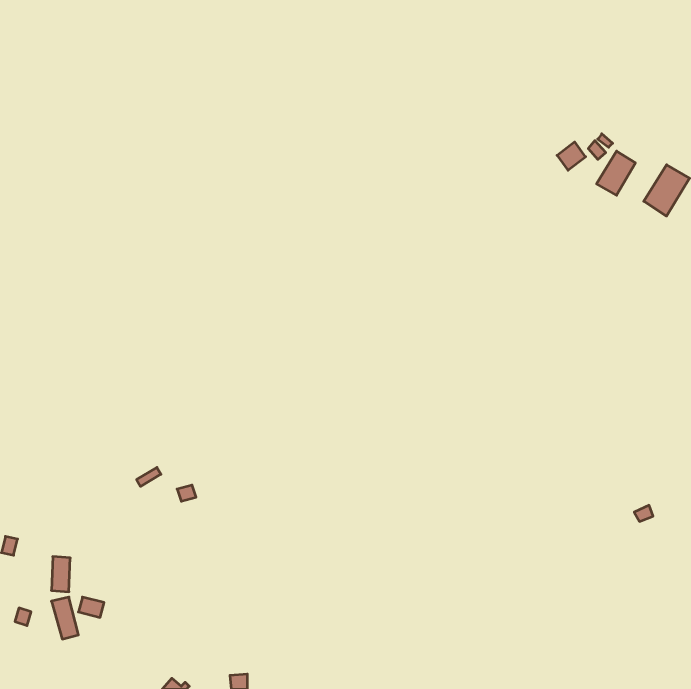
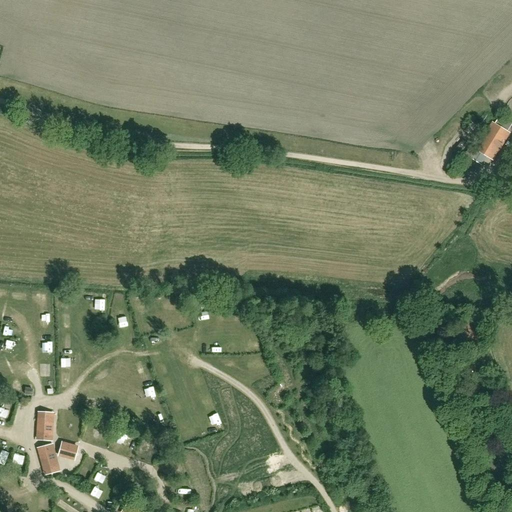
building: [597,151,635,195] -> none

